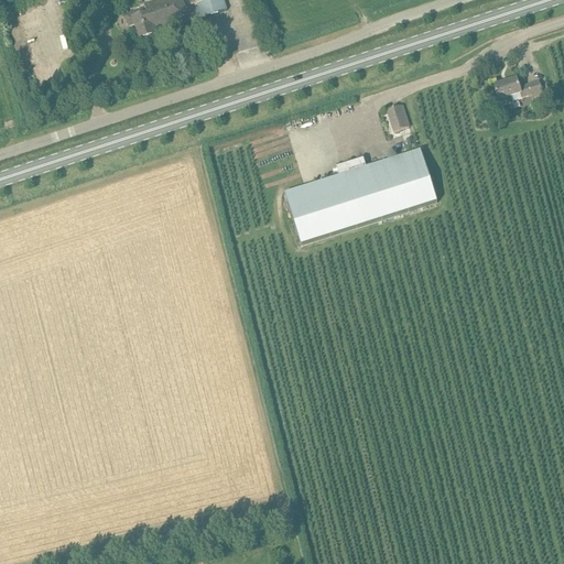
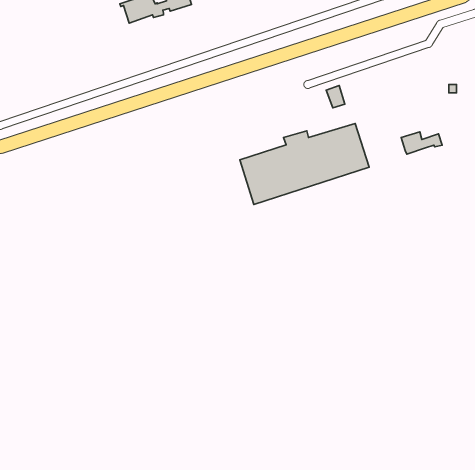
building: [124,4,154,35] -> none
building: [495,75,543,101] -> [401,132,442,154]

